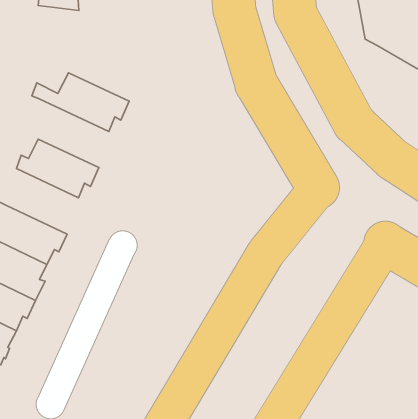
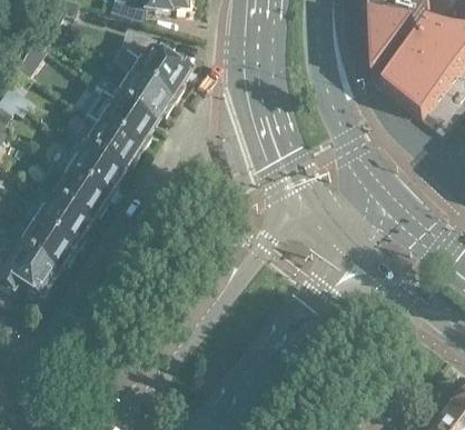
building: none -> [123,31,191,99]
building: none -> [95,87,154,149]
building: none -> [62,140,121,199]

